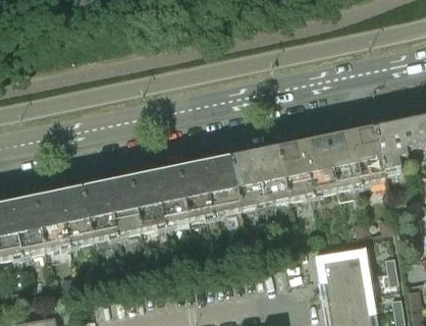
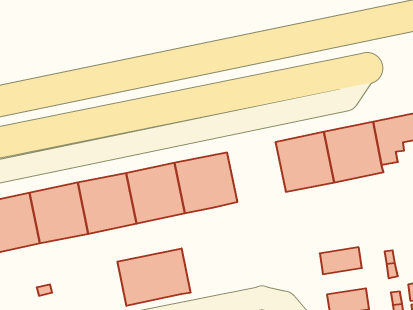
building: [228,147,286,206] -> none
building: none -> [118,248,190,306]
building: [323,271,366,297] -> none

